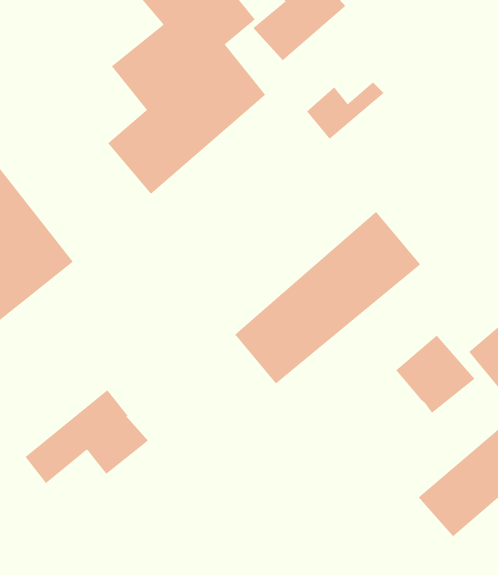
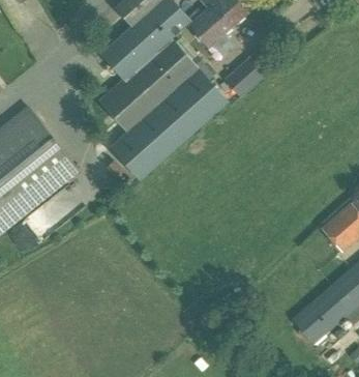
building: [234,211,421,385] -> [109,68,225,176]
building: [395,335,475,414] -> none
building: [24,389,149,484] -> none

